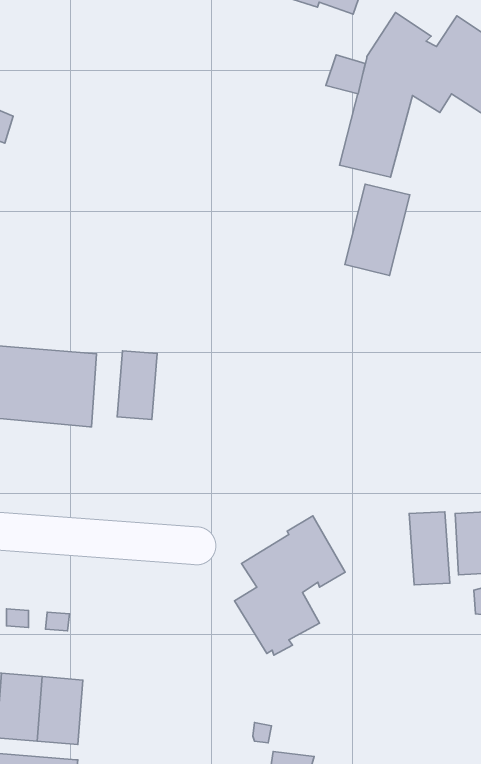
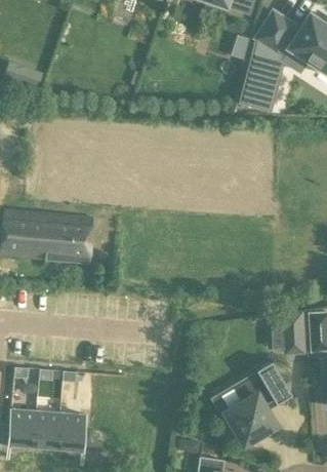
building: [345,184,410,276] -> none
building: [117,351,157,420] -> none
building: [235,516,345,655] -> [224,361,291,445]

